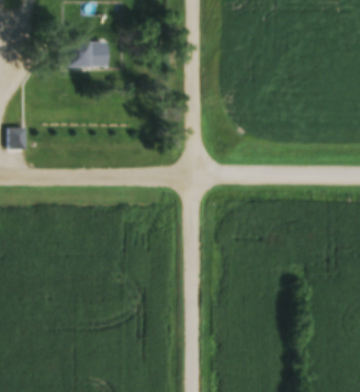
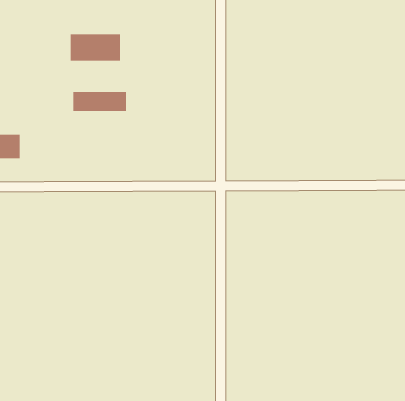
building: none -> [73,91,127,112]

